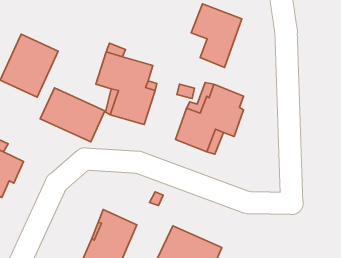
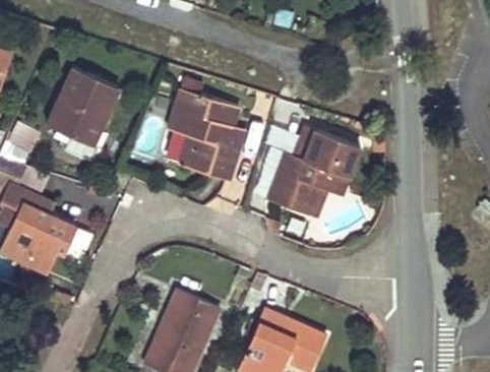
building: [191,4,242,67] -> none
building: [40,88,105,142] -> none

